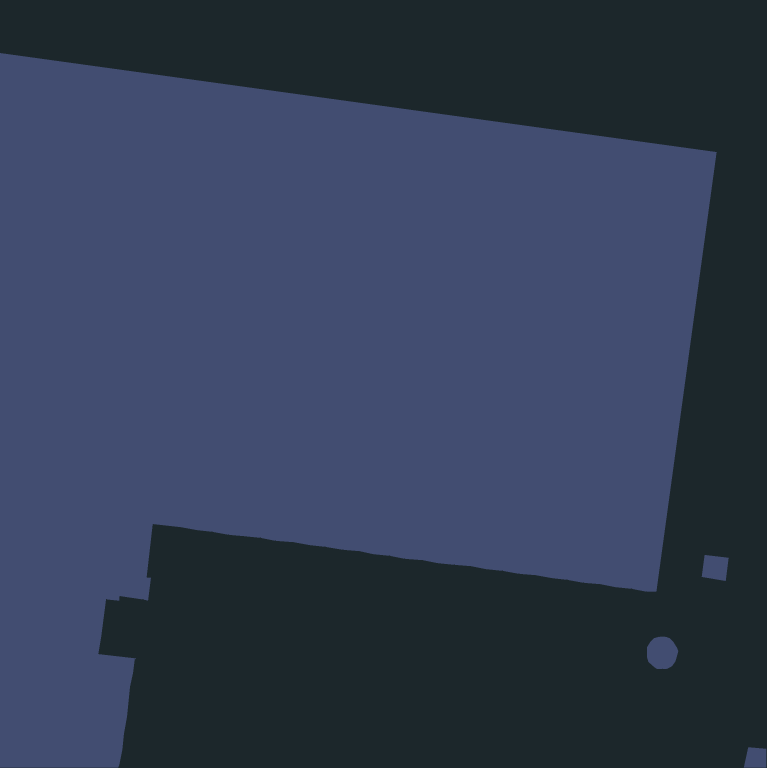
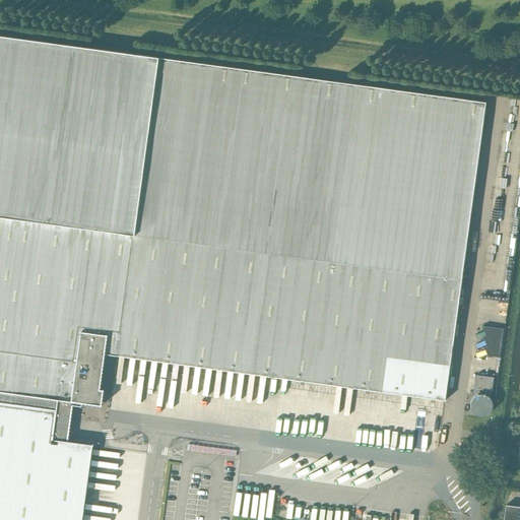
building: none -> [481,326,503,358]
building: [646,636,679,669] -> [469,394,492,416]

